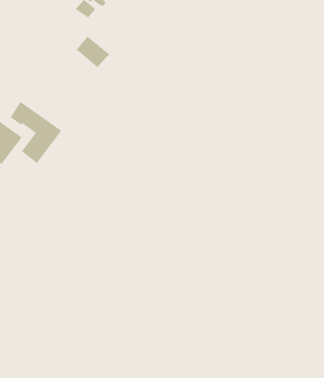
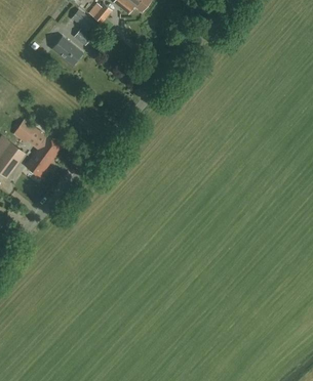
building: [76,36,110,68] -> [52,37,83,66]

